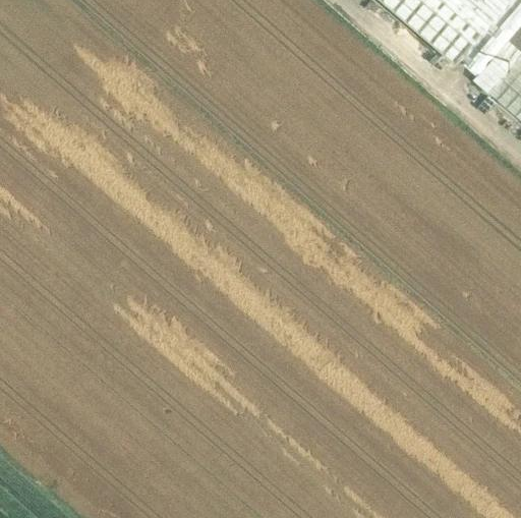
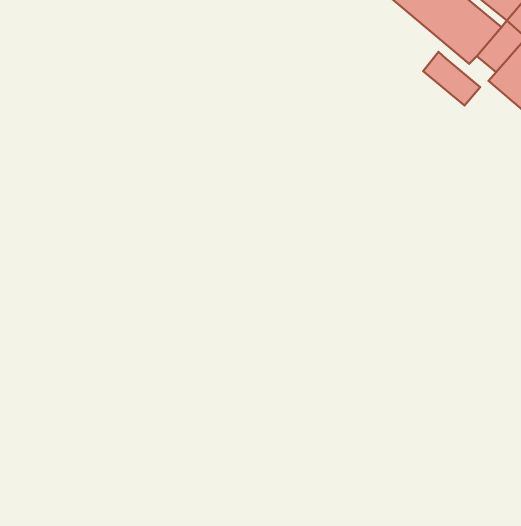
building: none -> [423,52,480,105]

